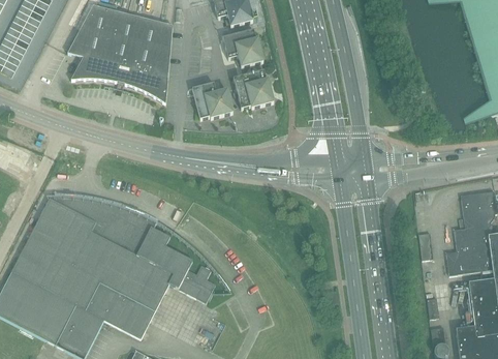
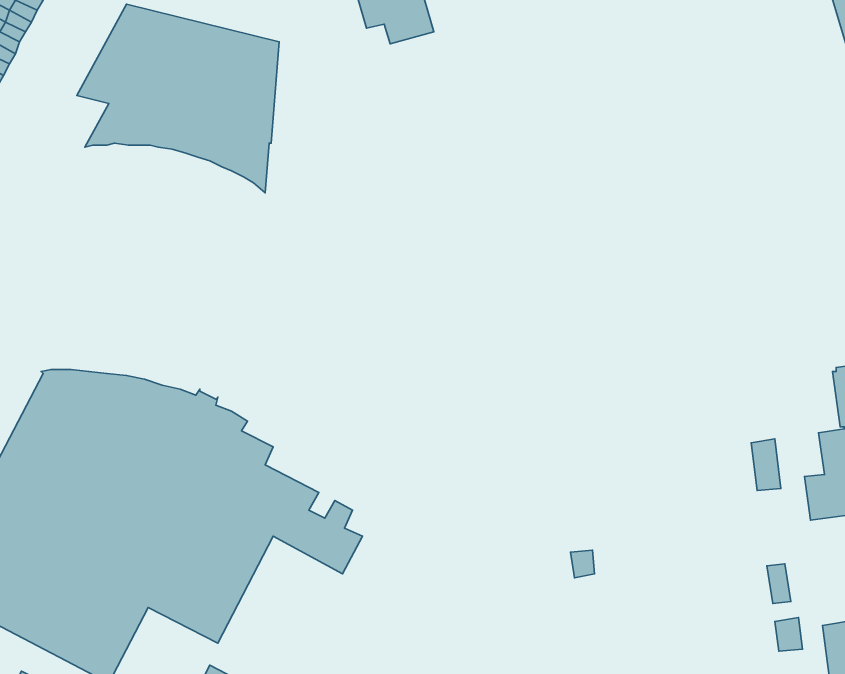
building: [223,29,263,66] -> none
building: [232,69,274,109] -> none
building: [192,82,232,119] -> none

